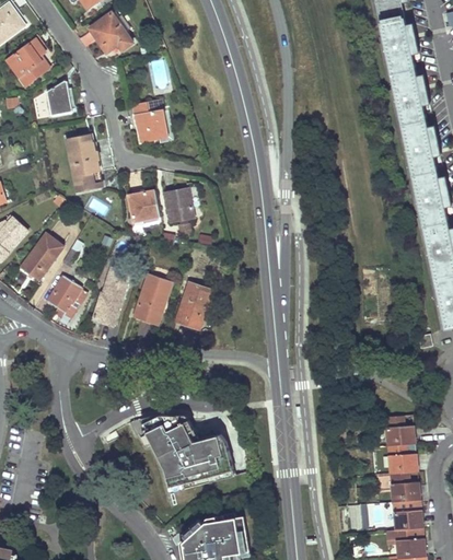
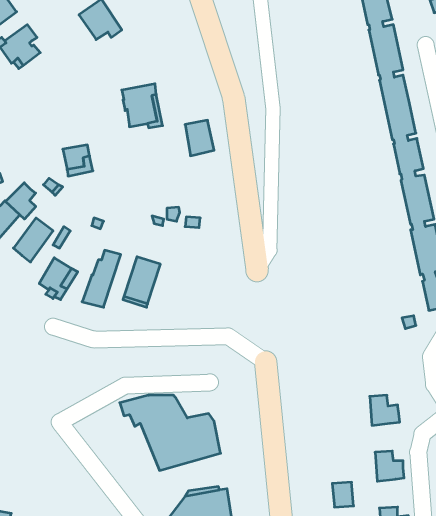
building: [47,81,73,115] -> none
building: [67,133,100,165] -> none
building: [165,187,195,223] -> [185,120,214,156]
building: [127,190,160,221] -> none
building: none -> [5,183,36,219]
building: [175,282,213,329] -> none
building: [387,444,418,474] -> none
building: [393,501,423,530] -> none

